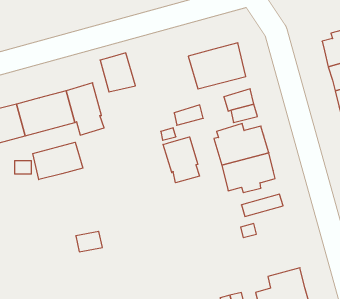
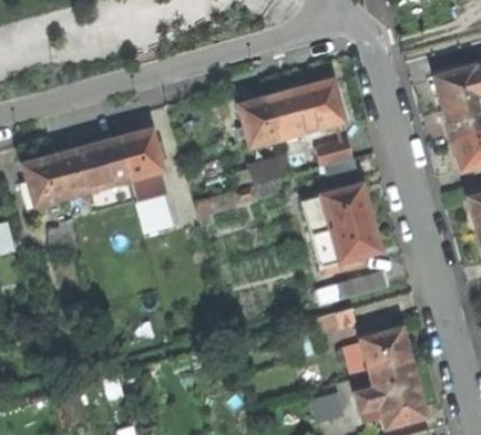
building: [100,53,135,92] -> [238,97,283,146]
building: [163,137,199,183] -> none
building: [33,142,83,180] -> none
building: none -> [358,328,410,373]

